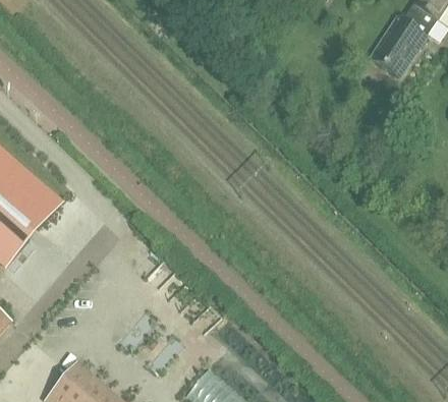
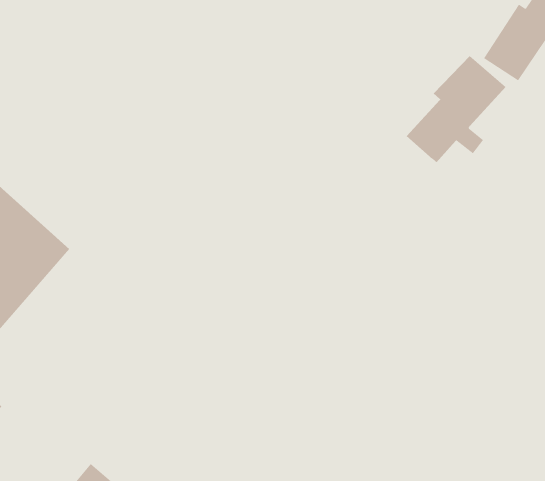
building: none -> [406,55,506,163]

